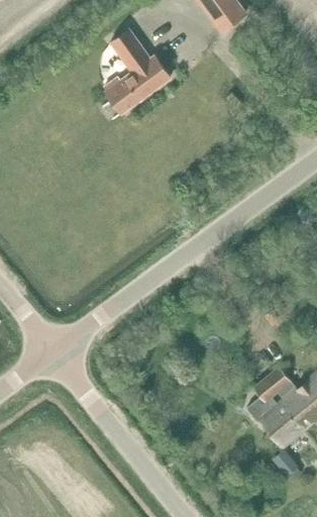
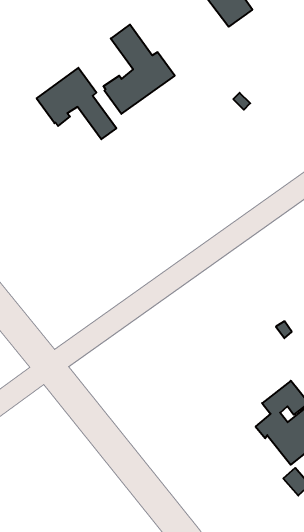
building: none -> [37,68,116,139]

